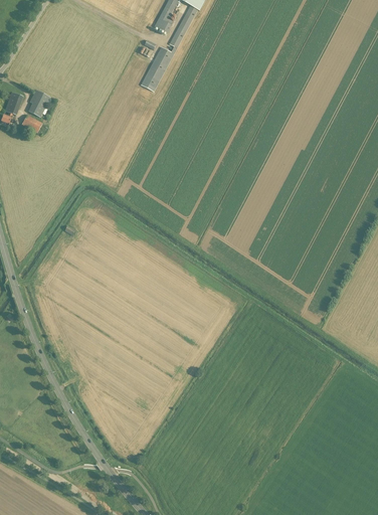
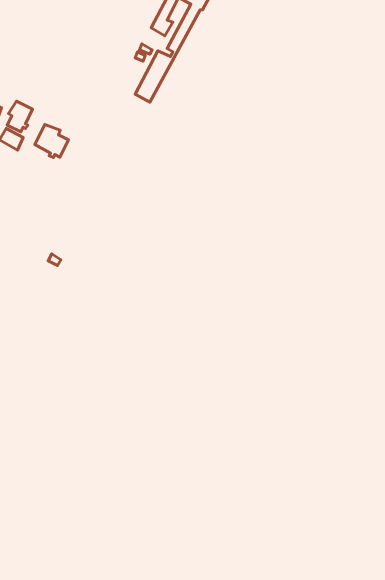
building: none -> [35,125,69,157]

